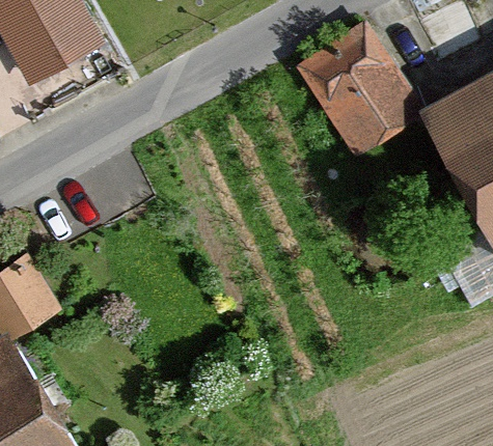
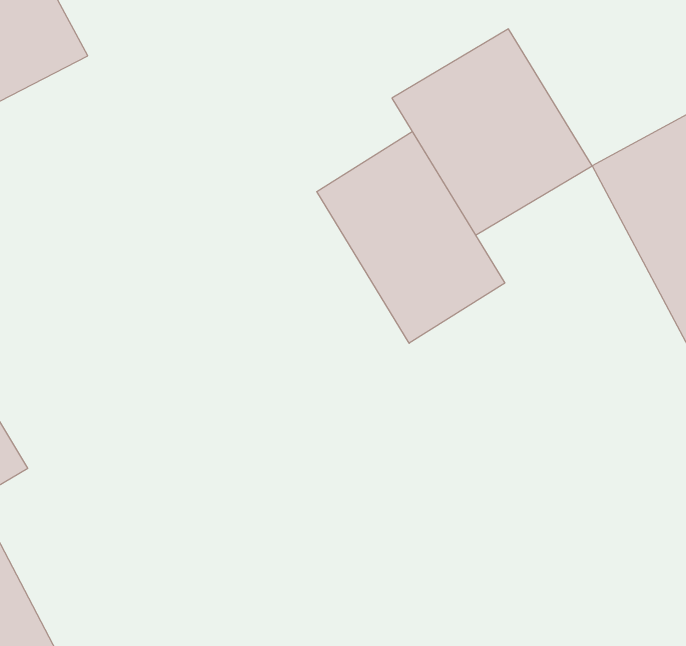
building: none -> [317,132,505,343]

